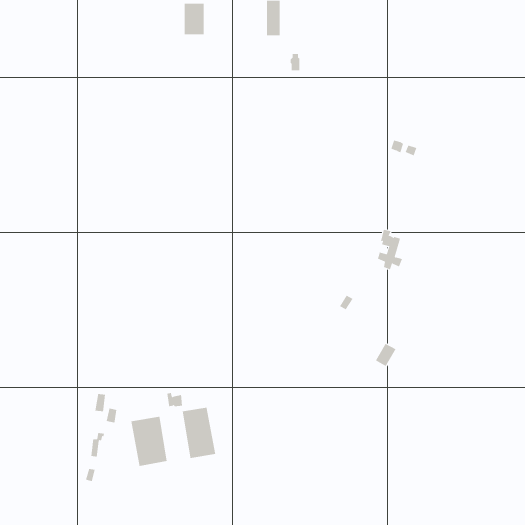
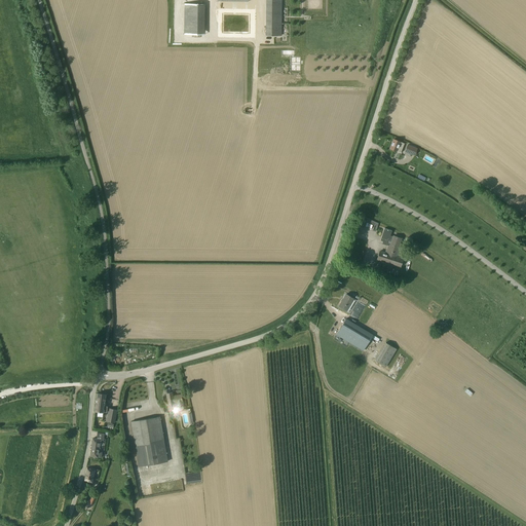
building: none -> [336,318,373,350]
building: [182,407,216,459] -> none

